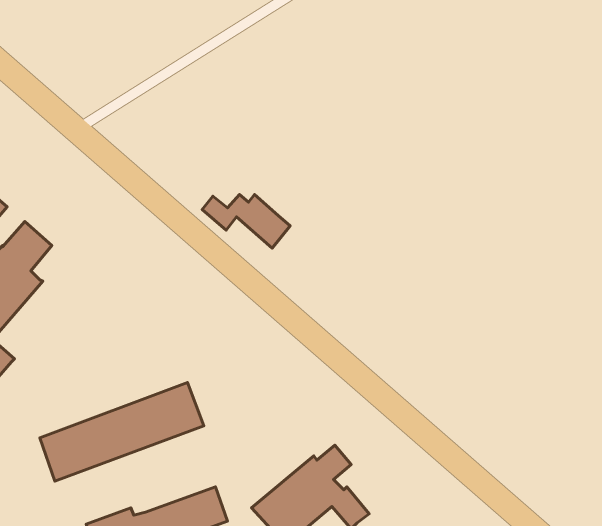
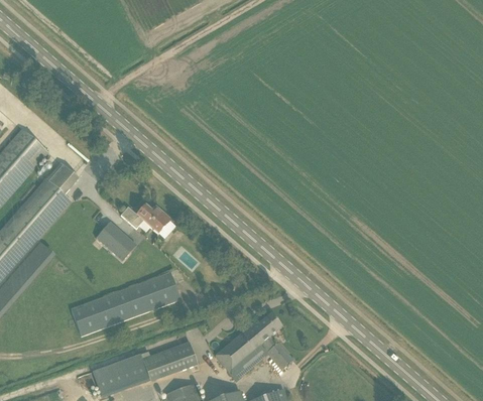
building: [202,195,290,248] -> [119,205,178,241]
building: none -> [95,230,130,260]

